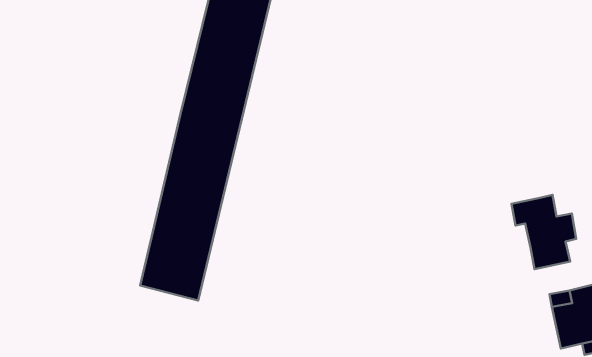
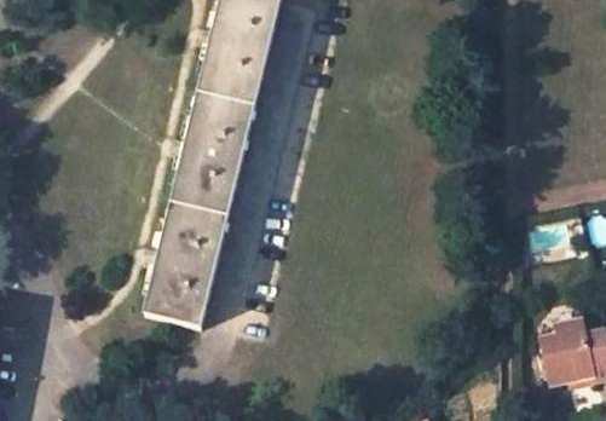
building: [511,195,576,269] -> none

